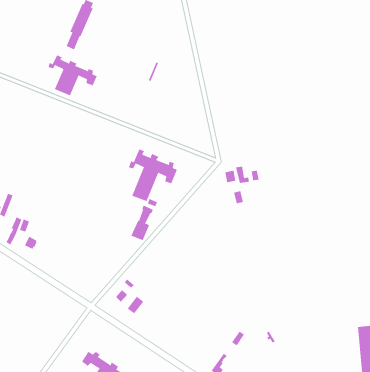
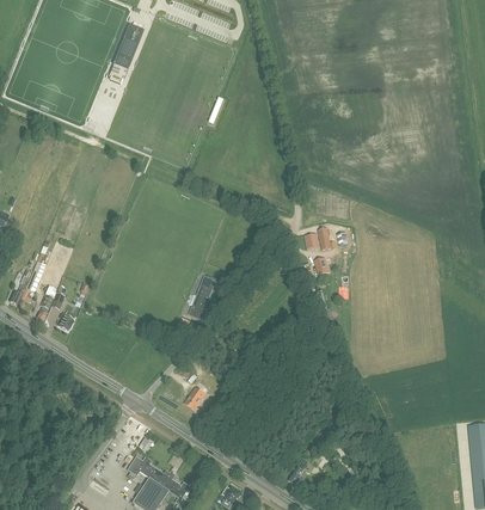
building: [48,54,98,96] -> none
building: [128,149,178,202] -> none

